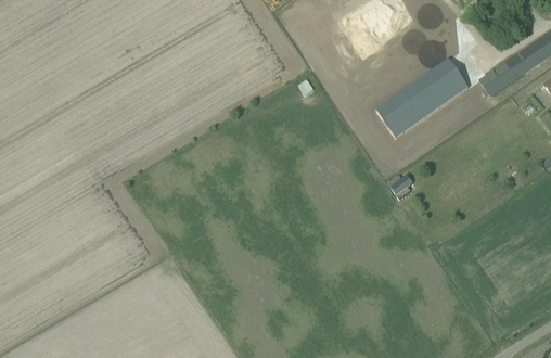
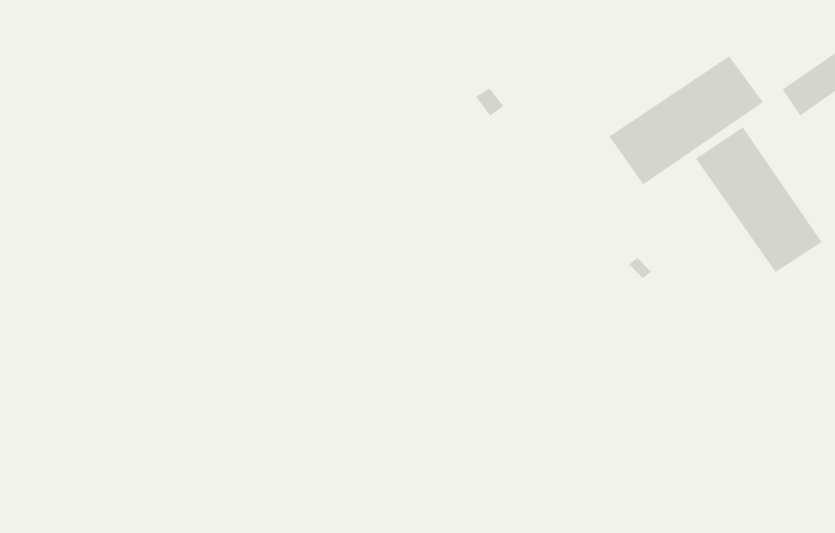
building: none -> [695,126,823,273]

